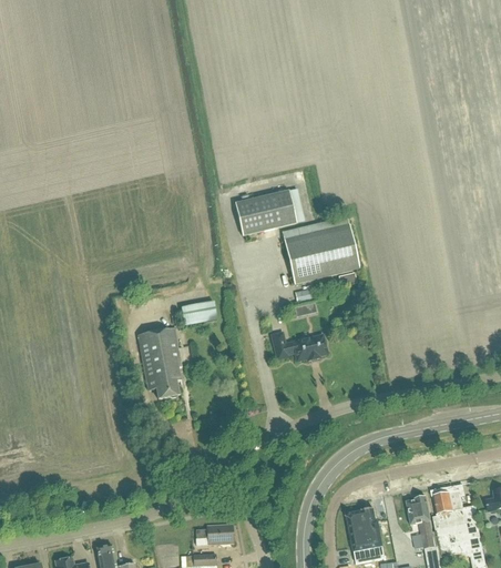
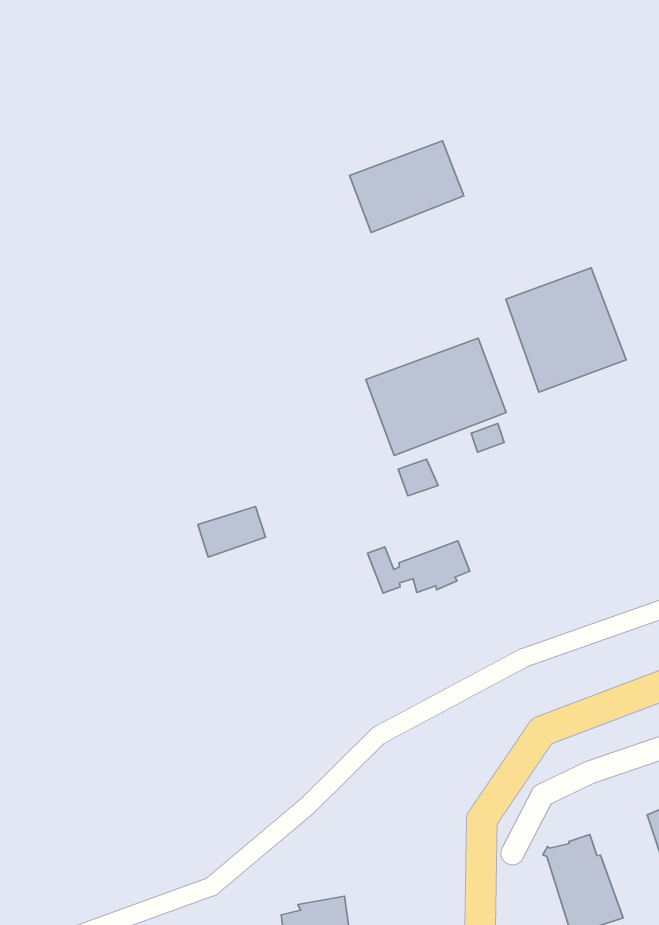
building: [234,190,296,235] -> [349,141,464,233]
building: none -> [506,268,626,392]
building: [137,328,181,398] -> none

